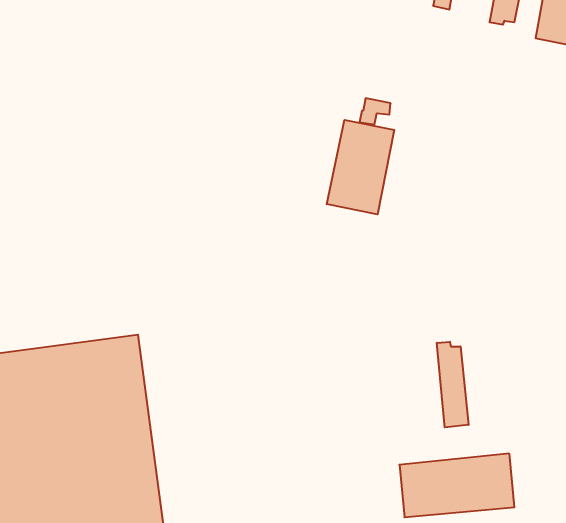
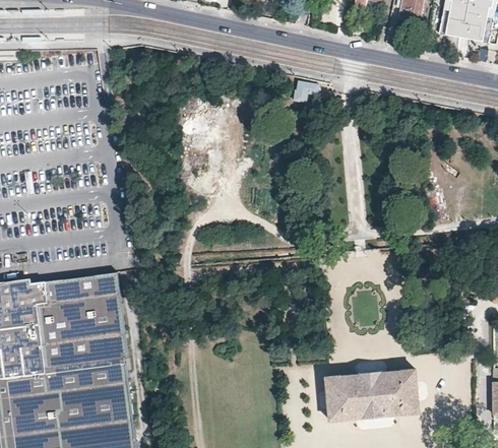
building: [327,120,394,214] -> none
building: [437,342,469,427] -> none

